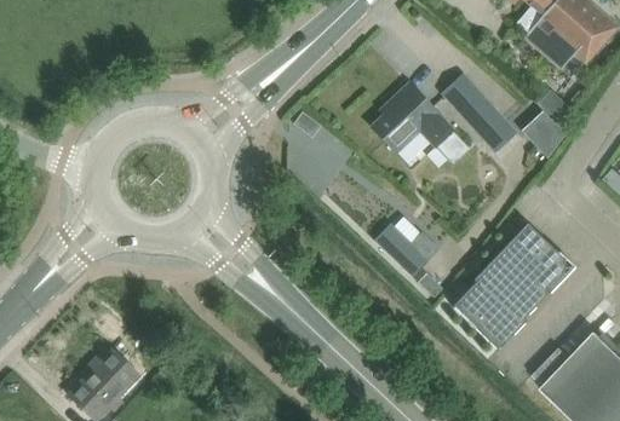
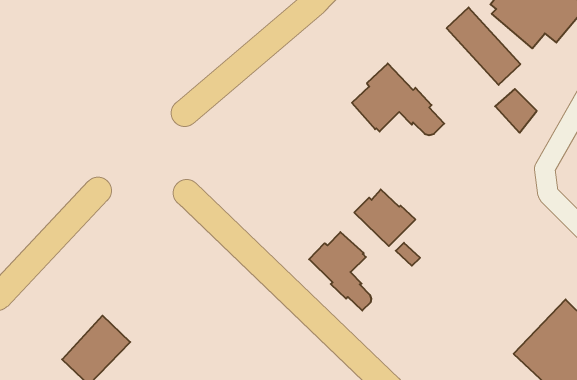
building: [440,70,517,151] -> [447,7,520,85]
building: [454,223,564,346] -> none
building: none -> [309,232,371,311]

